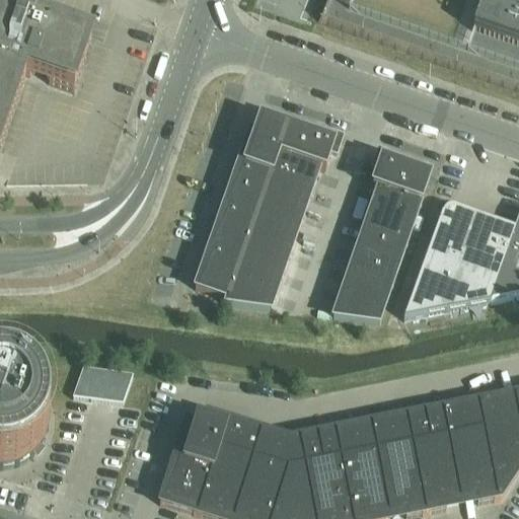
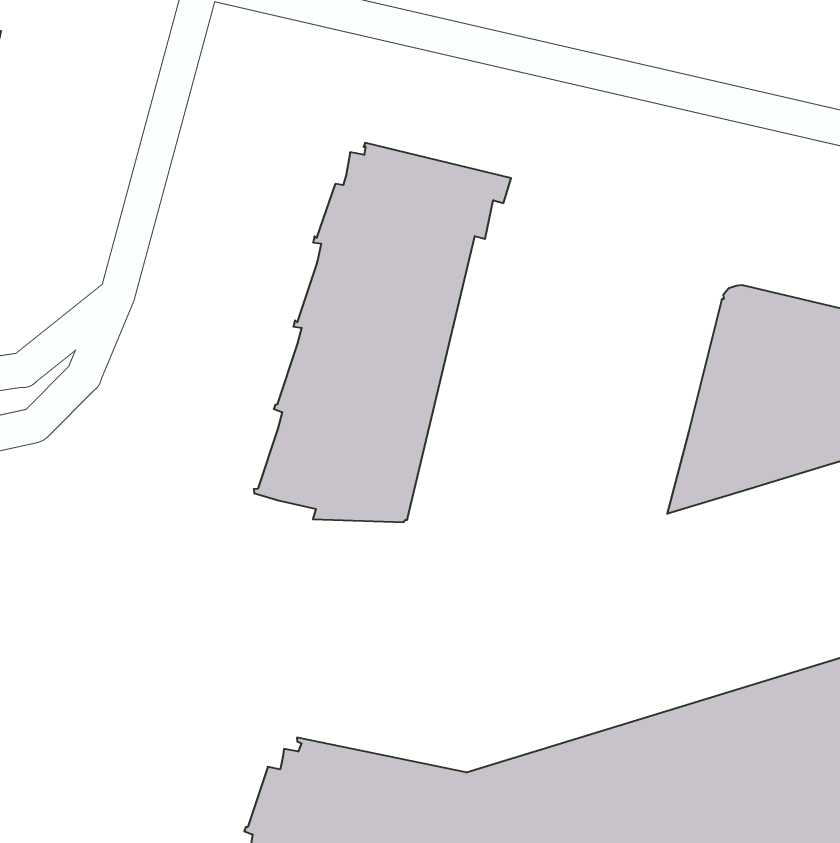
building: [331,148,428,319] -> none
building: [72,362,132,398] -> none

